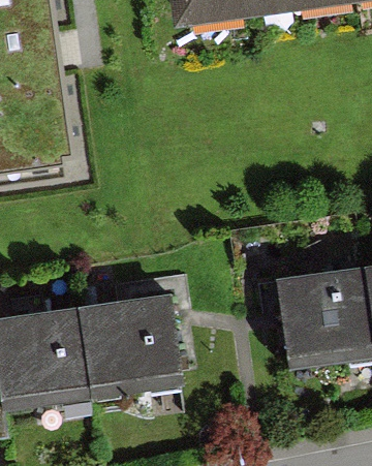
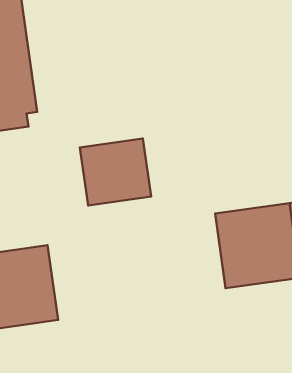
building: none -> [80,139,151,205]
building: [80,302,180,402] -> none

